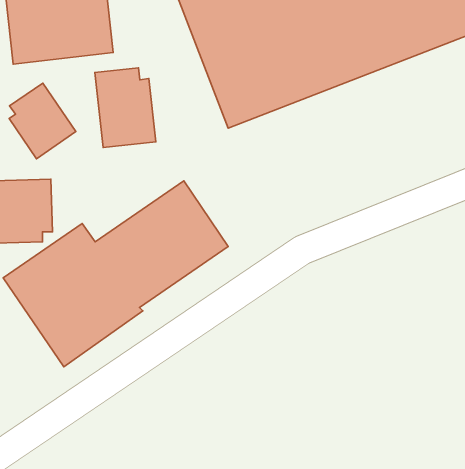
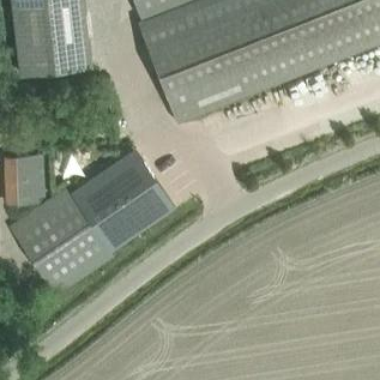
building: [95,68,156,148] -> none
building: [9,83,76,159] -> none

